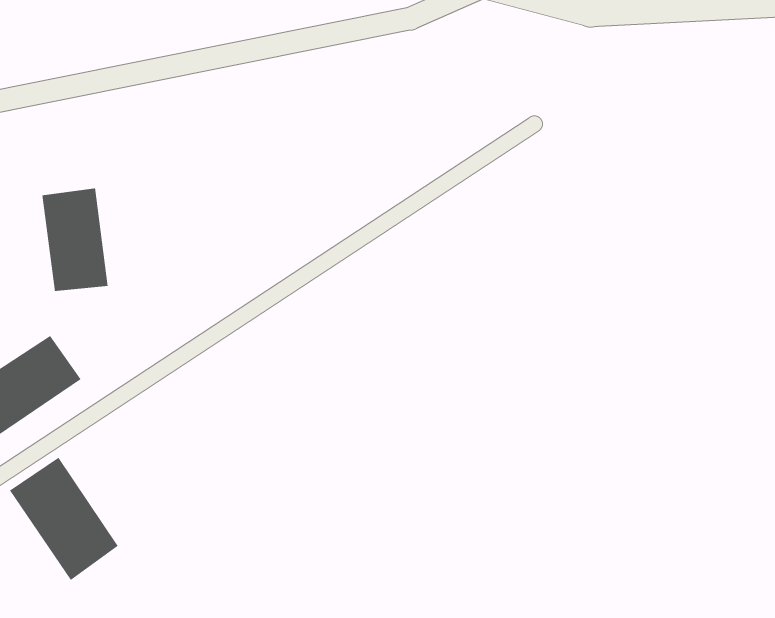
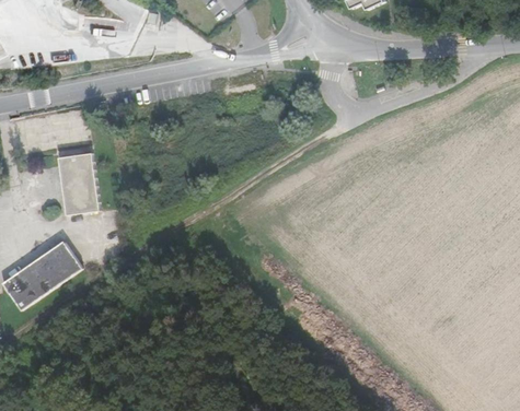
building: [9,457,119,581] -> none

